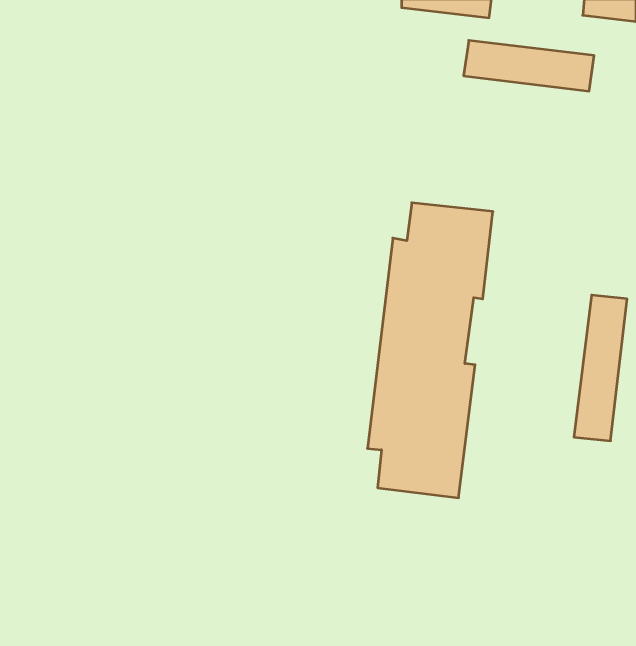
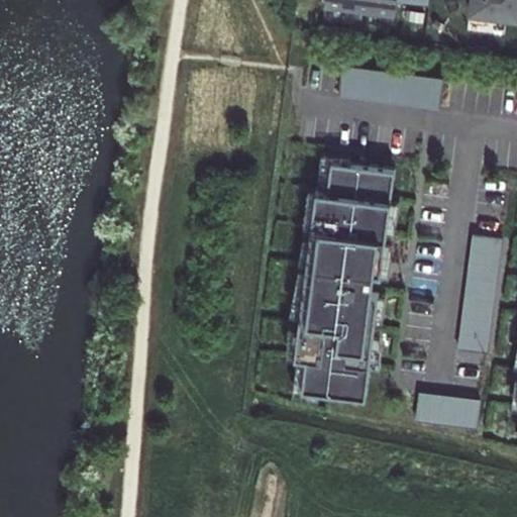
building: [464,40,594,91] -> [335,67,439,107]
building: none -> [416,394,479,431]

